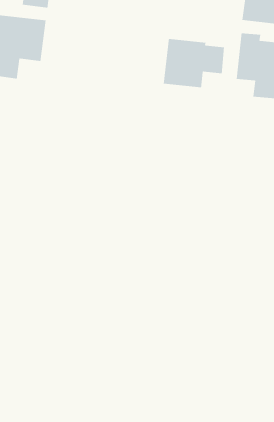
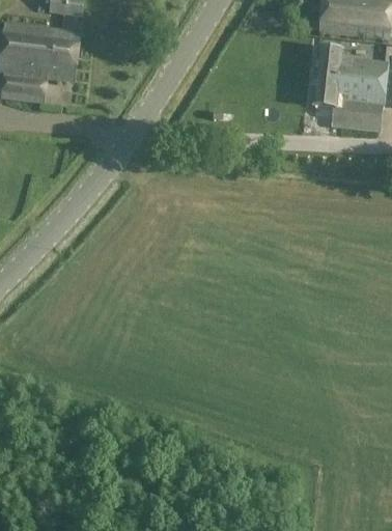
building: [163,38,224,88] -> none

